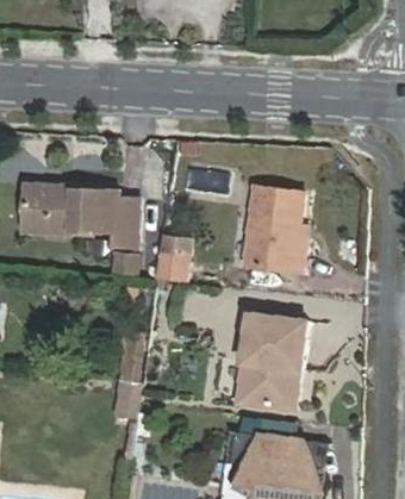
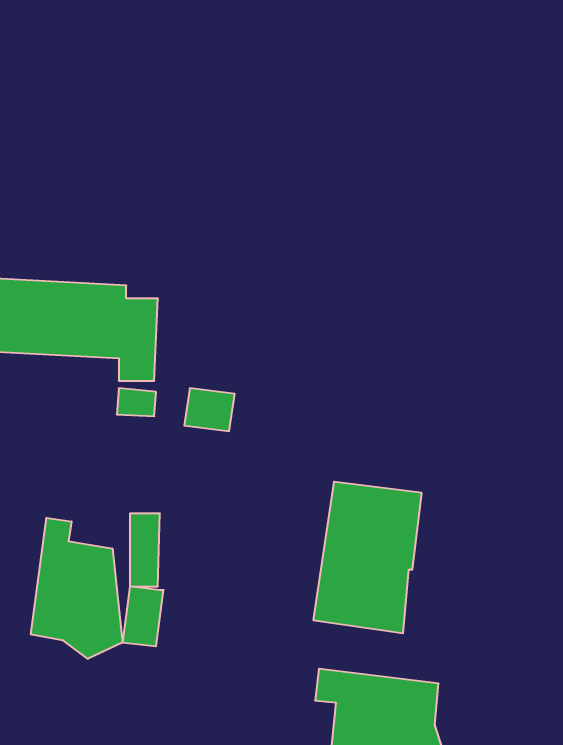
building: [244,188,303,270] -> none
building: none -> [31,518,122,659]

